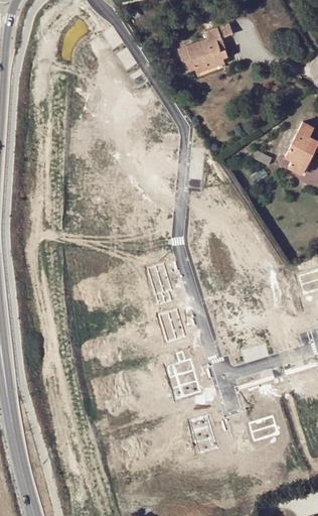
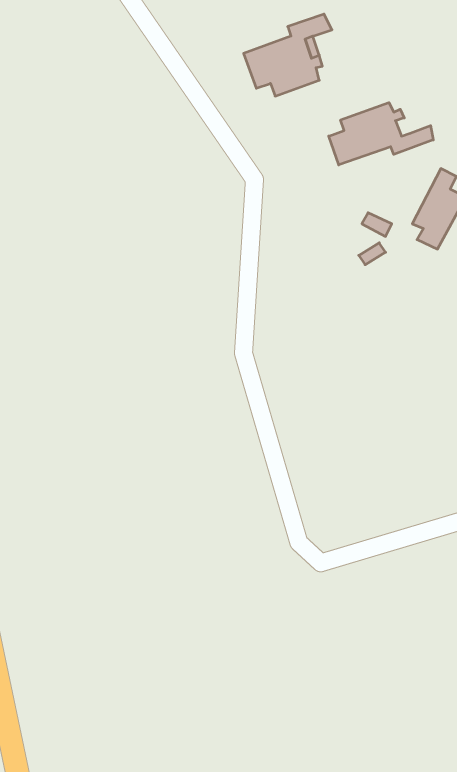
building: none -> [329,103,433,165]

